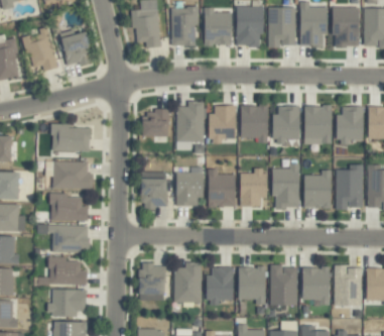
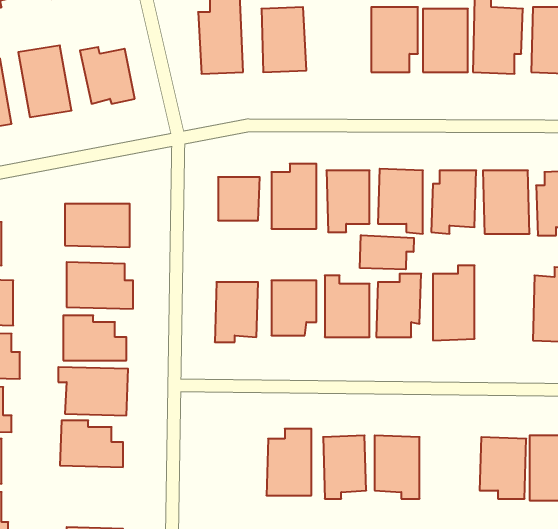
building: [205,6,233,45] -> none
building: none -> [360,235,414,269]
building: [303,169,331,207] -> none
building: [139,261,166,293] -> none
building: [270,265,296,305] -> none
building: [46,289,86,317] -> none

